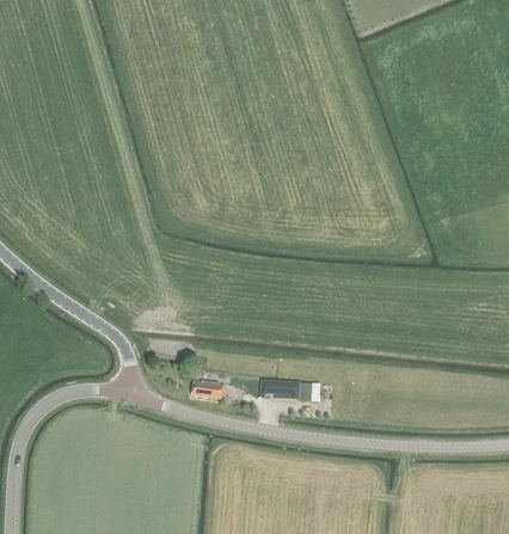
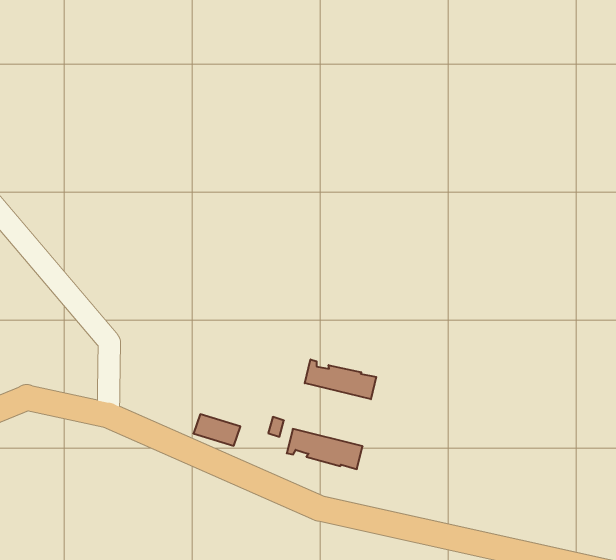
building: none -> [305,359,376,399]

